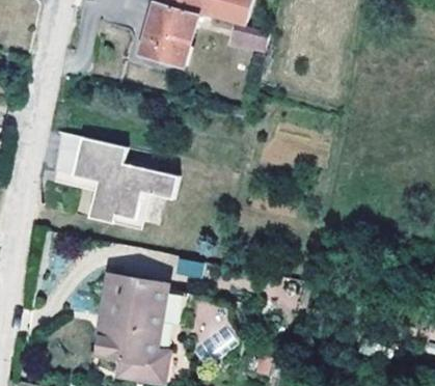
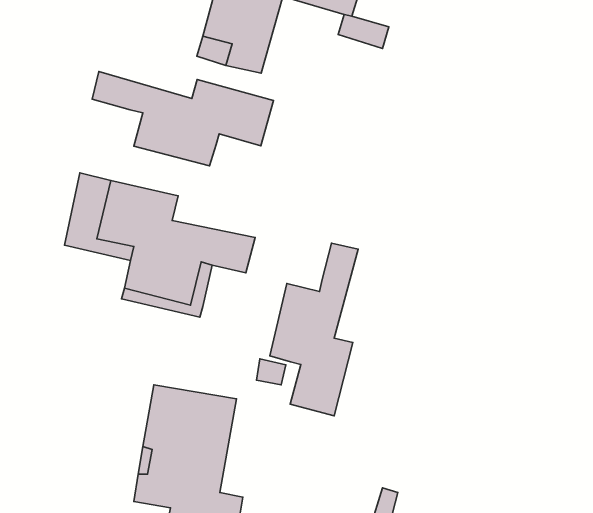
building: none -> [92,71,274,166]
building: none -> [270,243,358,416]

